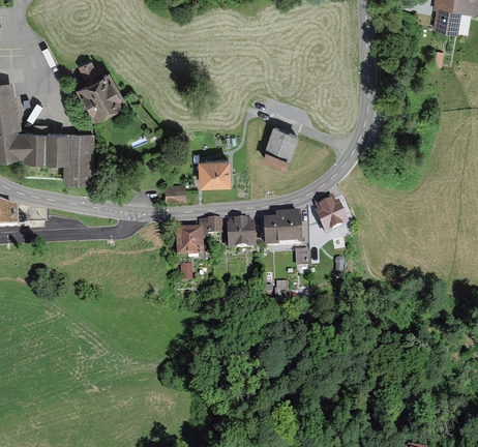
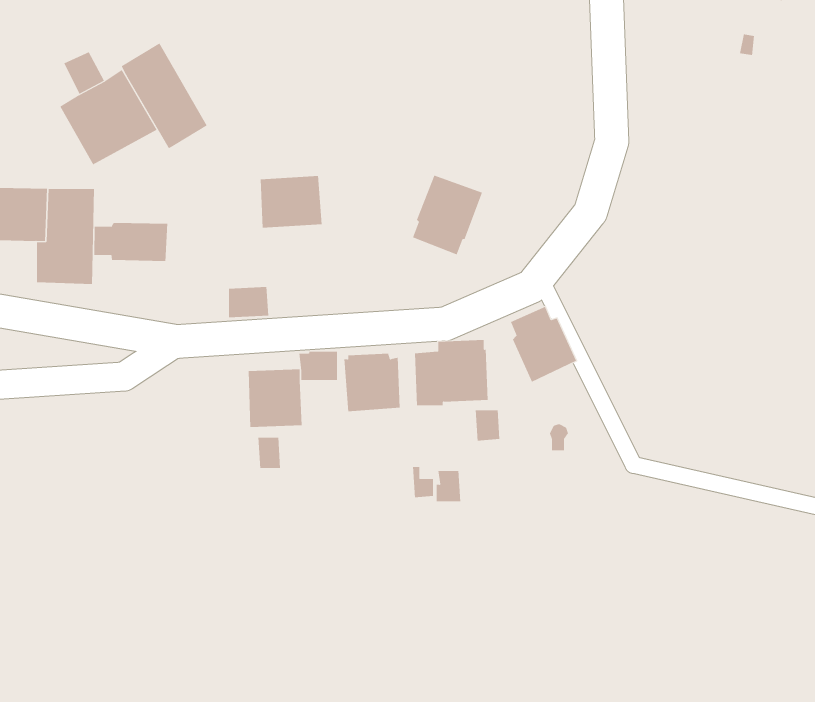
building: none -> [121,43,208,149]
building: none -> [94,222,168,262]
building: [198,158,231,186] -> [260,175,323,228]

